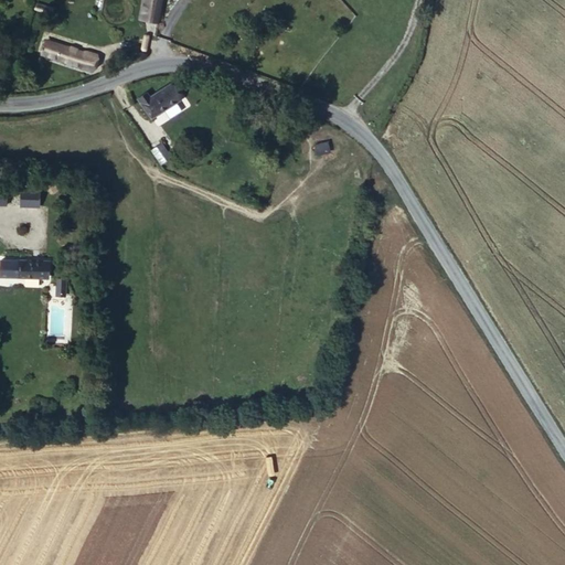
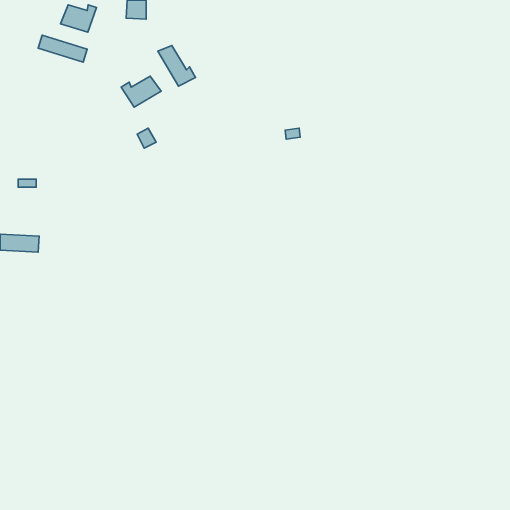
building: none -> [61,5,96,32]
building: none -> [158,46,196,86]

